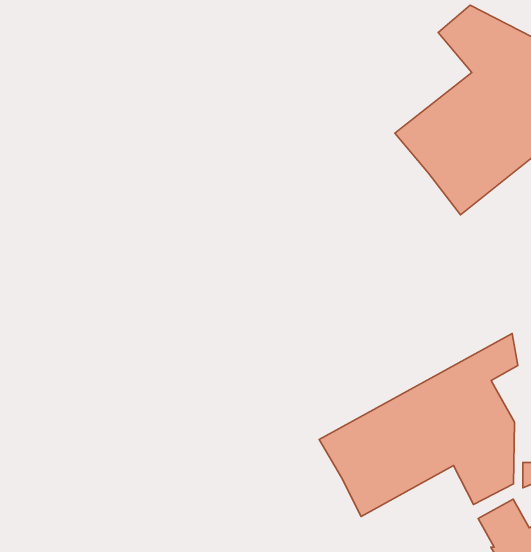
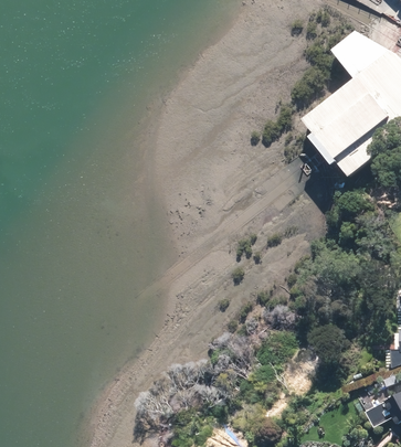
building: [319,334,518,517] -> none

